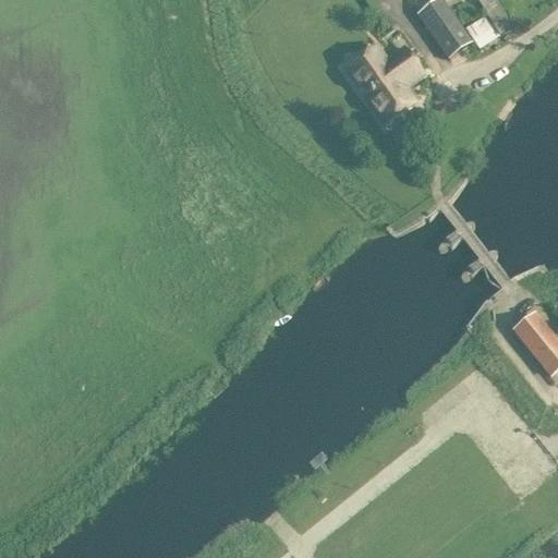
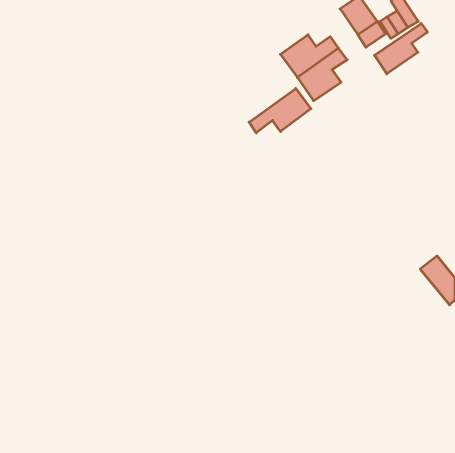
building: none -> [374,23,427,74]
building: none -> [249,88,311,133]

